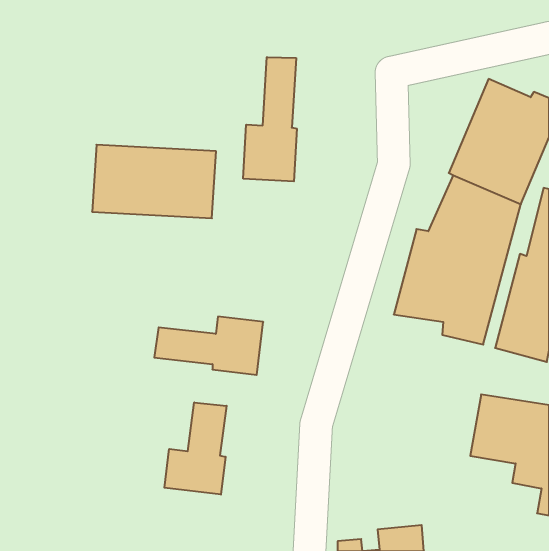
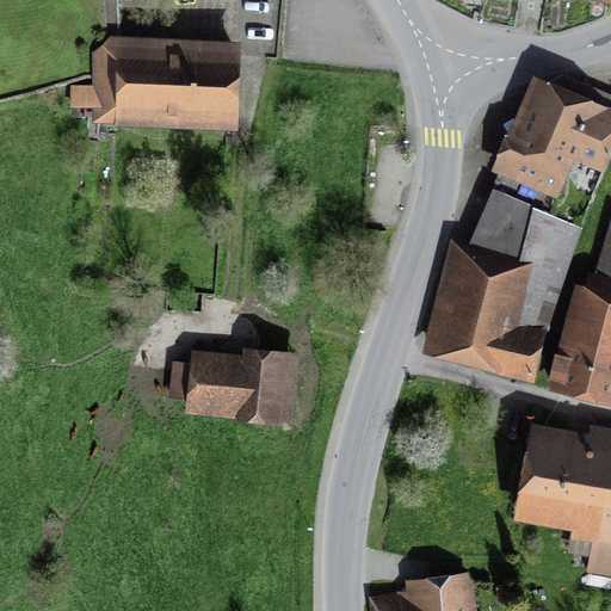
building: [243,57,297,181] -> none
building: [92,145,216,218] -> [97,42,234,123]
building: [164,402,227,495] -> none

